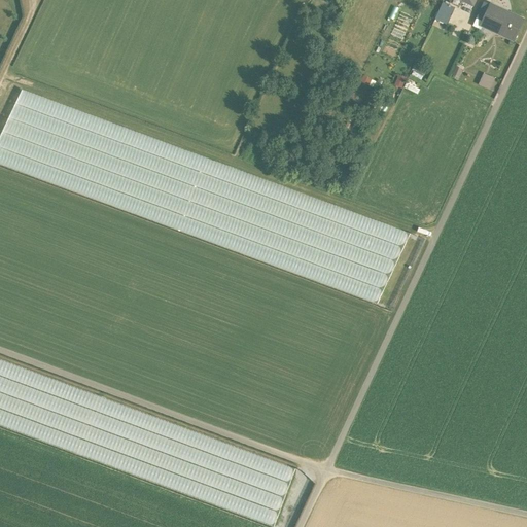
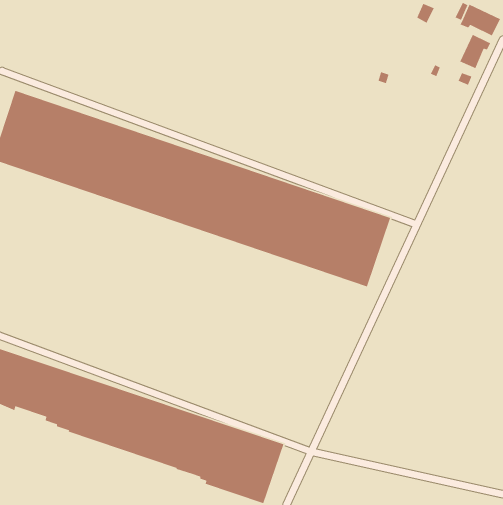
building: none -> [459,34,491,69]

